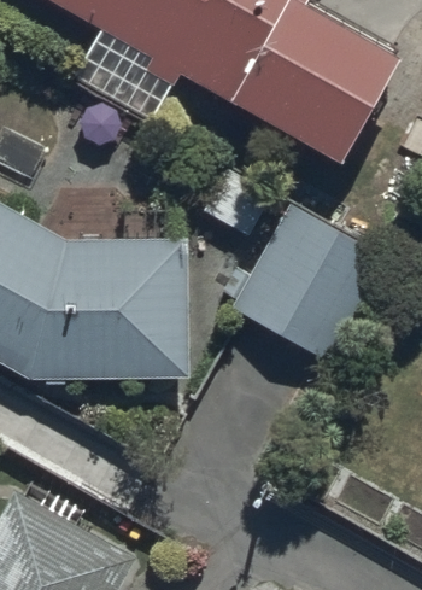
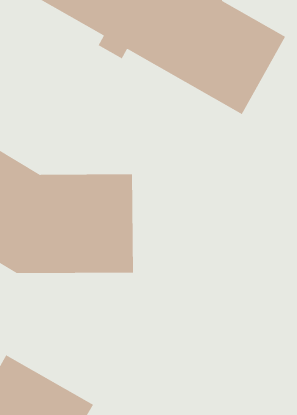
building: [230,206,385,362] -> none

